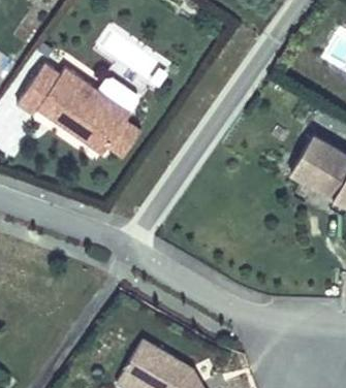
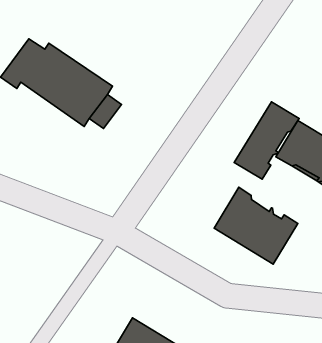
building: none -> [234,102,299,179]
building: none -> [214,187,298,264]

